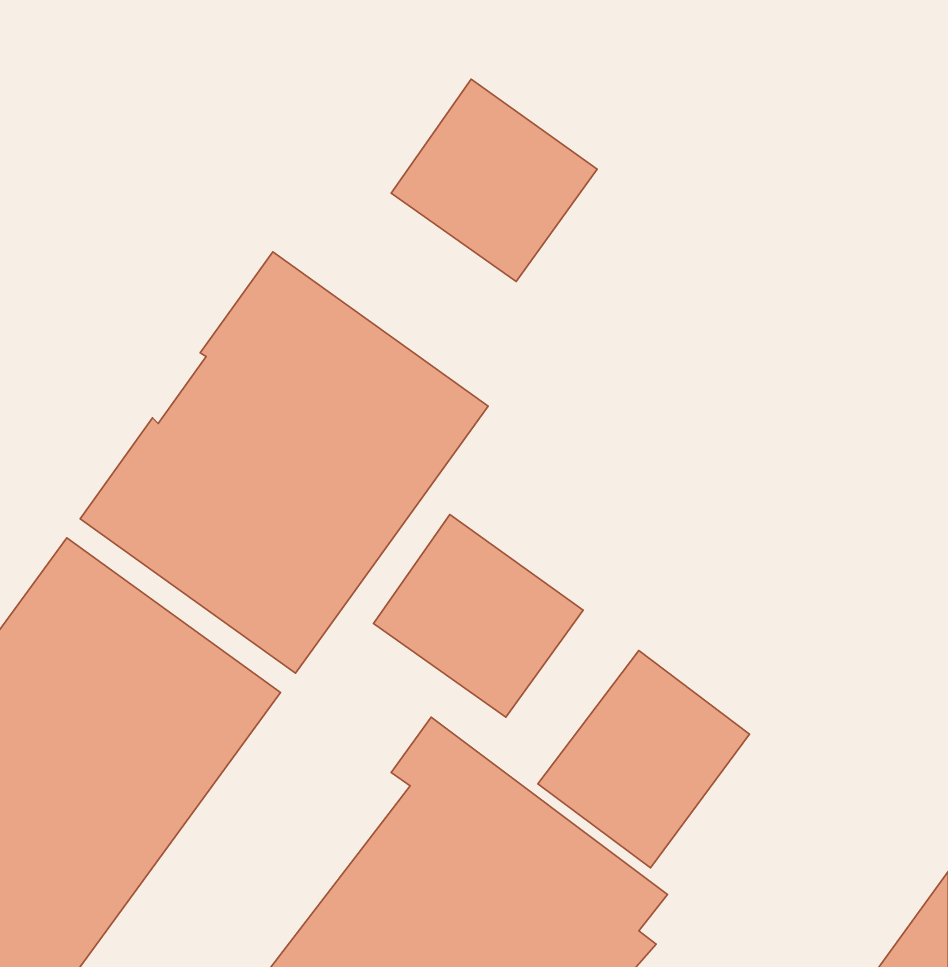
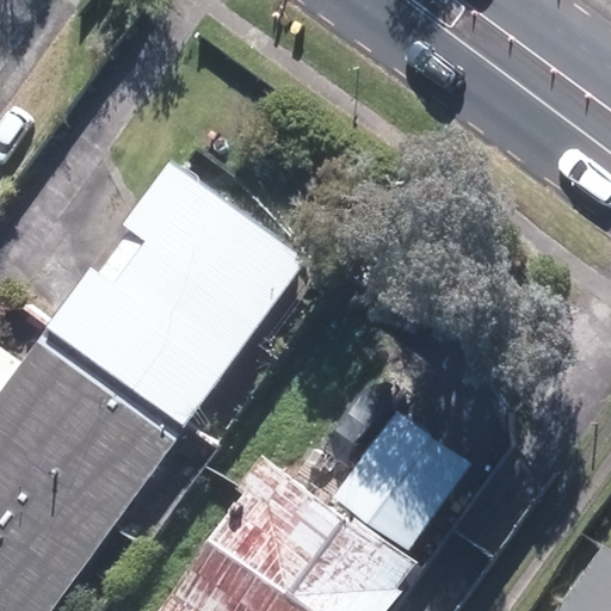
building: [391,79,597,281] -> none
building: [374,515,583,717] -> none

